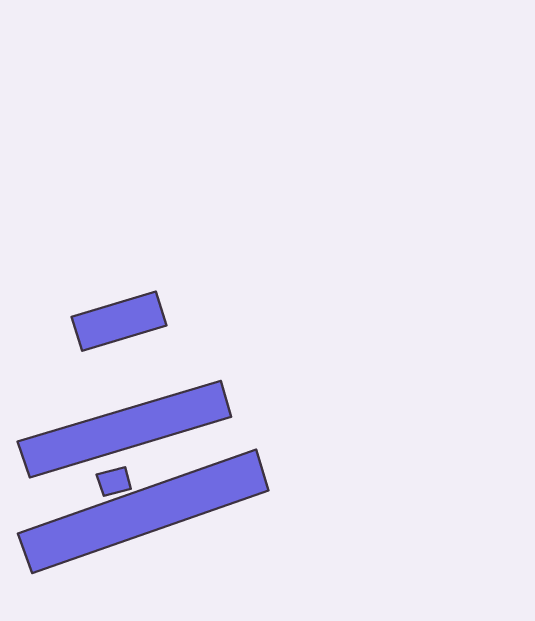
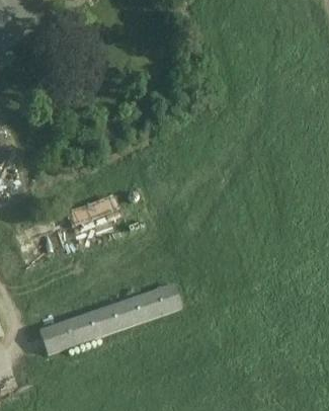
building: [17,381,231,478] -> none

